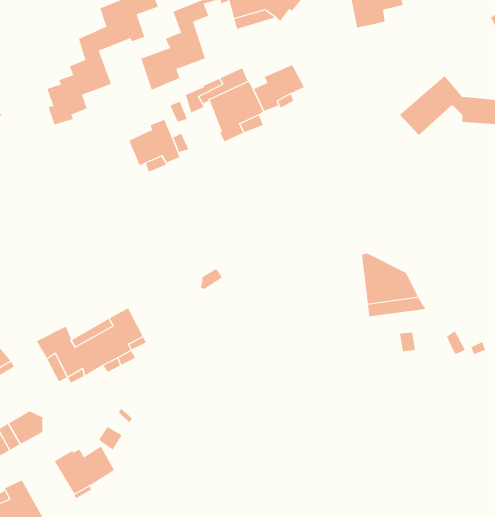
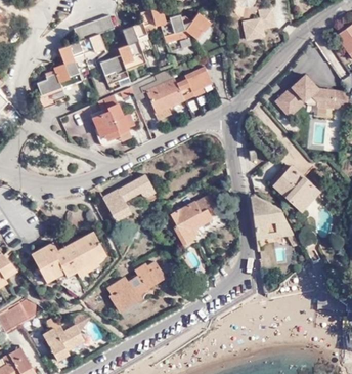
building: none -> [274,166,319,209]
building: none -> [102,174,158,221]
building: none -> [170,196,218,244]
building: none -> [107,261,164,309]

